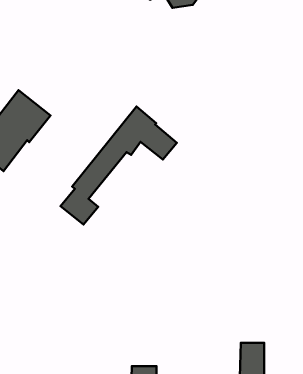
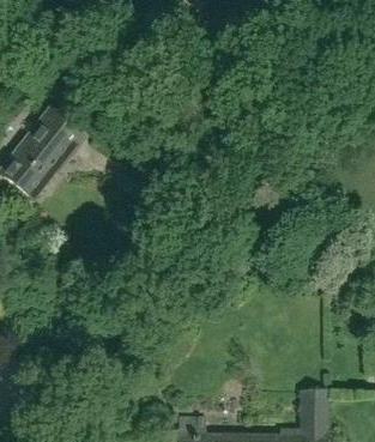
building: [61,106,177,224] -> none

